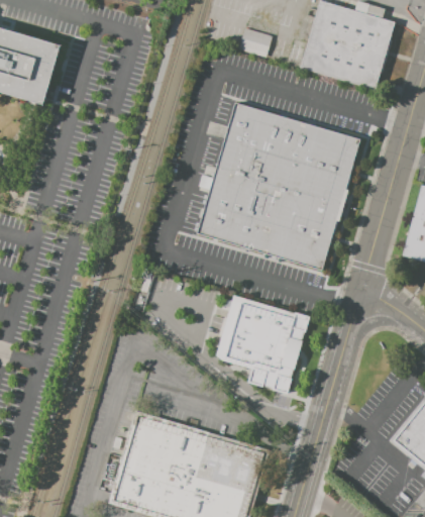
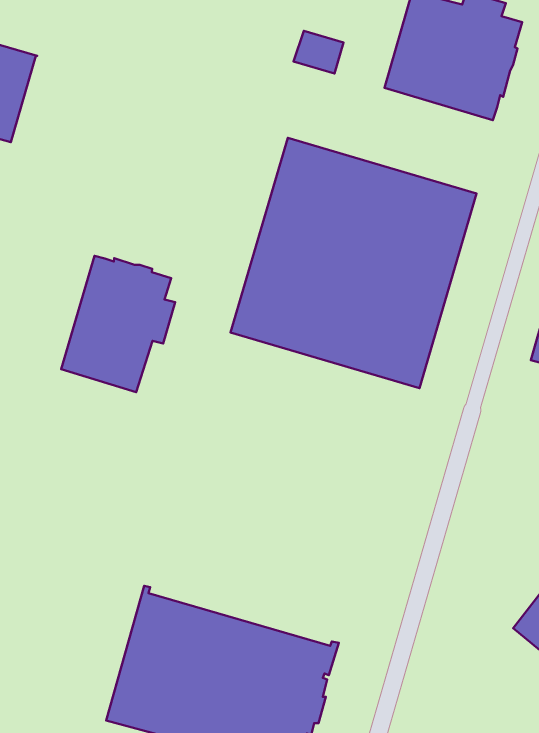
building: none -> [61,256,175,392]
building: [216,296,308,393] -> none

